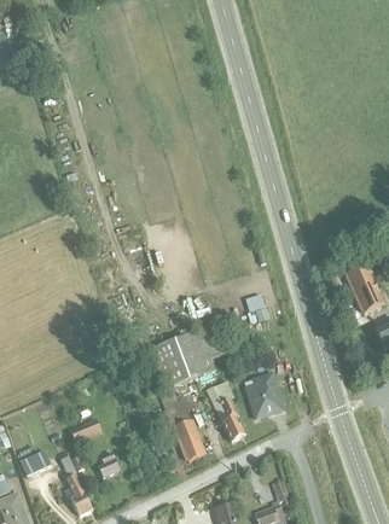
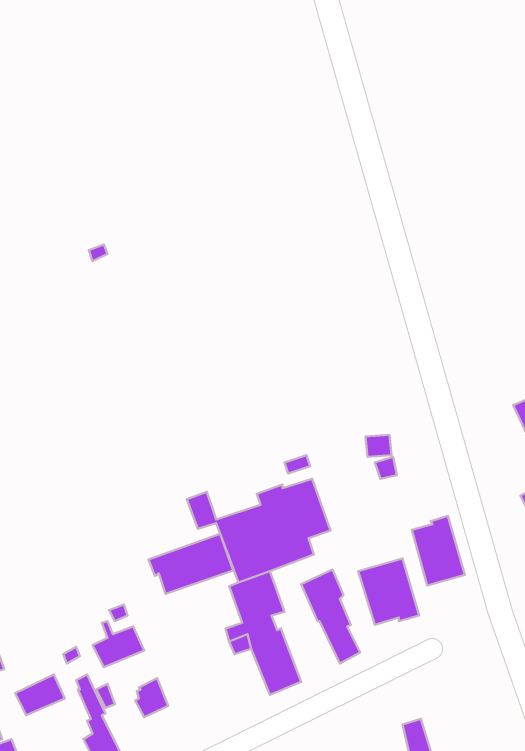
building: none -> [412,516,465,586]
building: none -> [148,534,233,594]

